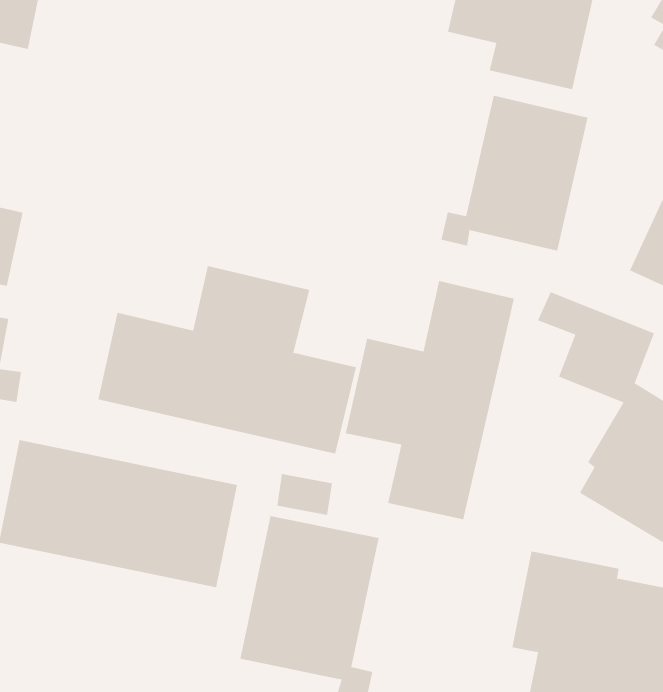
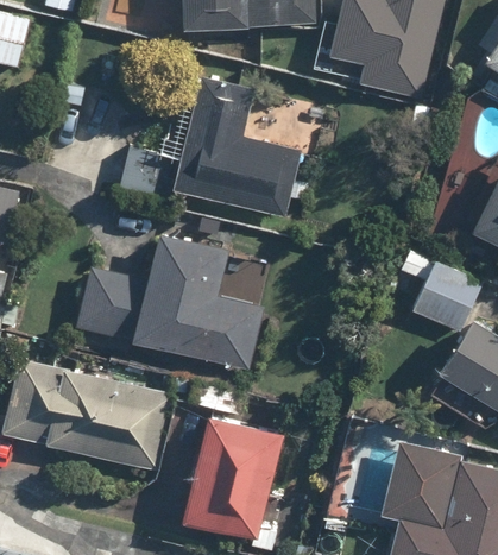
building: none -> [121,77,301,217]
building: [441,95,588,251] -> none
building: [345,280,515,520] -> none

